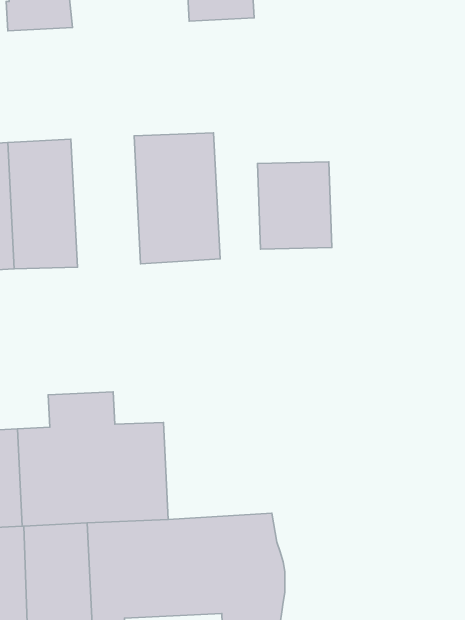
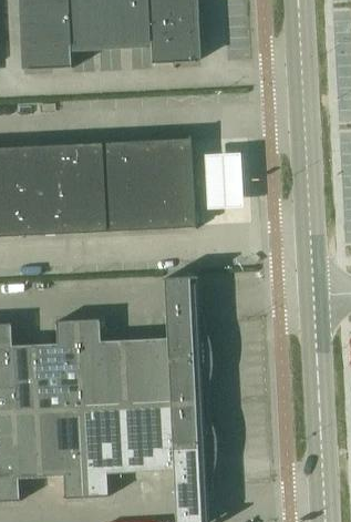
building: none -> [167,134,195,227]
building: none -> [70,142,117,232]
building: none -> [133,275,211,405]

